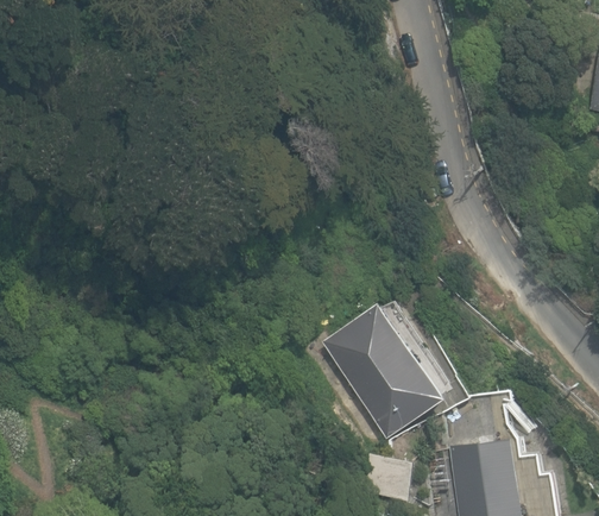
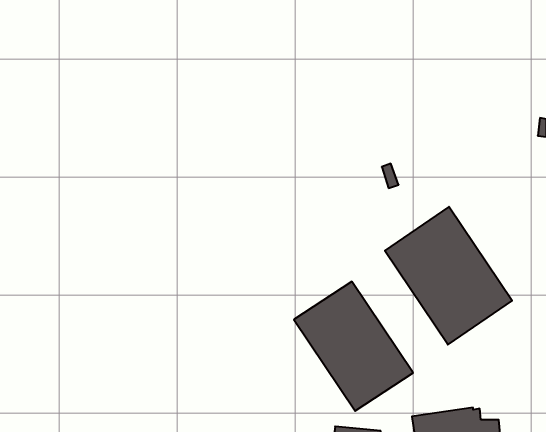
building: none -> [385,207,512,345]

